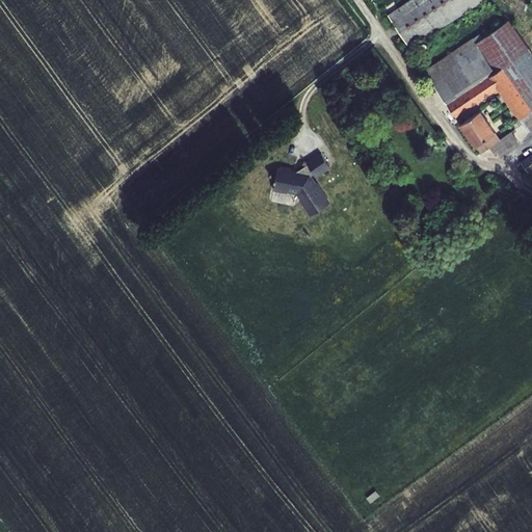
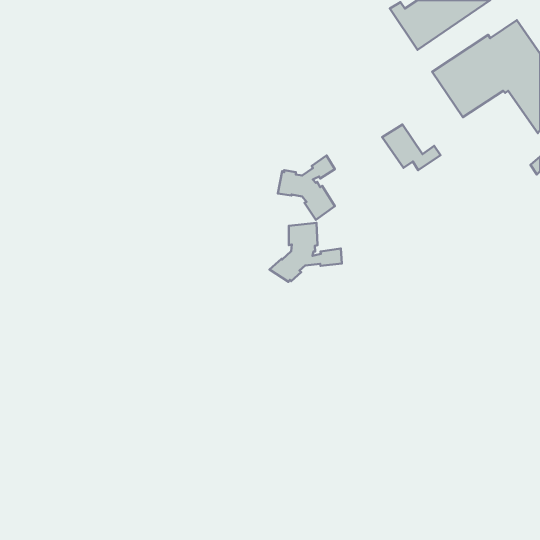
building: [460,110,517,155] -> [382,125,440,170]
building: none -> [270,223,342,282]

